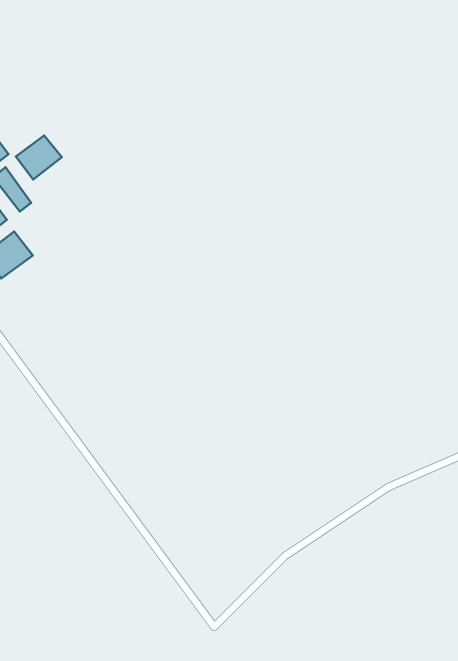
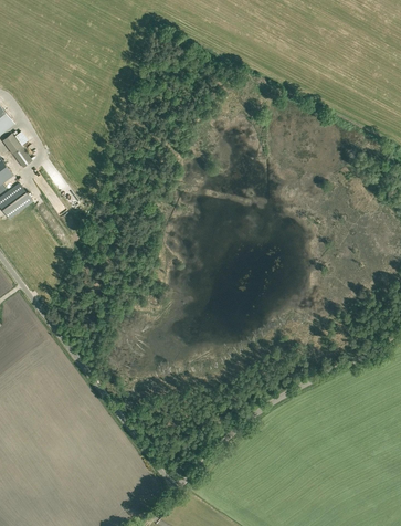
building: [16,135,62,179] -> none

